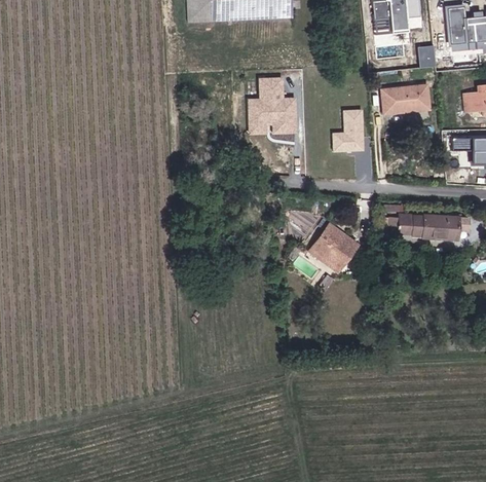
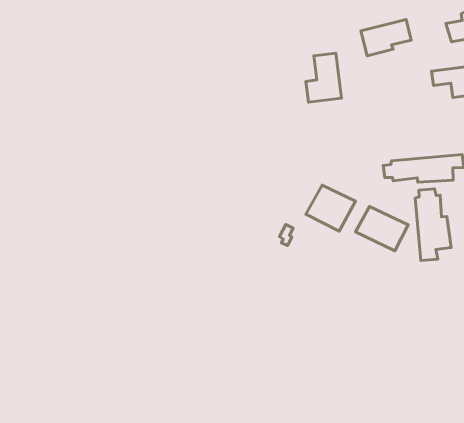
building: [244,75,296,133] -> none
building: none -> [415,189,451,261]
building: none -> [356,207,408,251]

